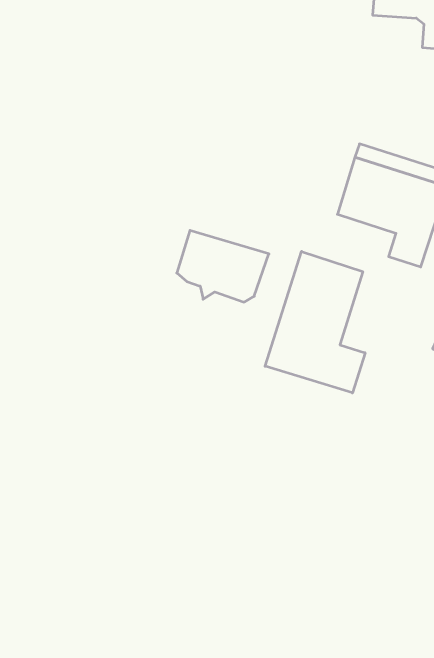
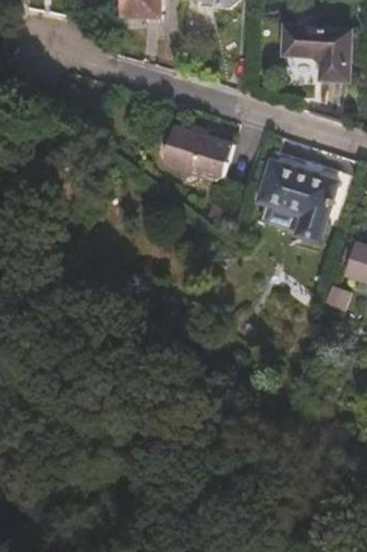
building: [177,230,269,302] -> [164,126,233,180]
building: [265,251,365,393] -> none

